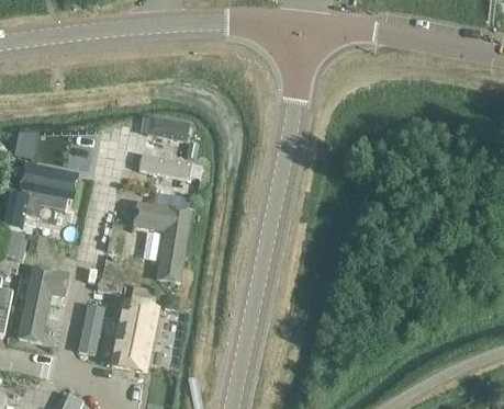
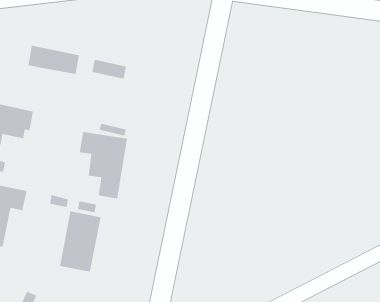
building: [139,146,203,182] -> [27,45,80,75]
building: [78,303,105,354] -> none

